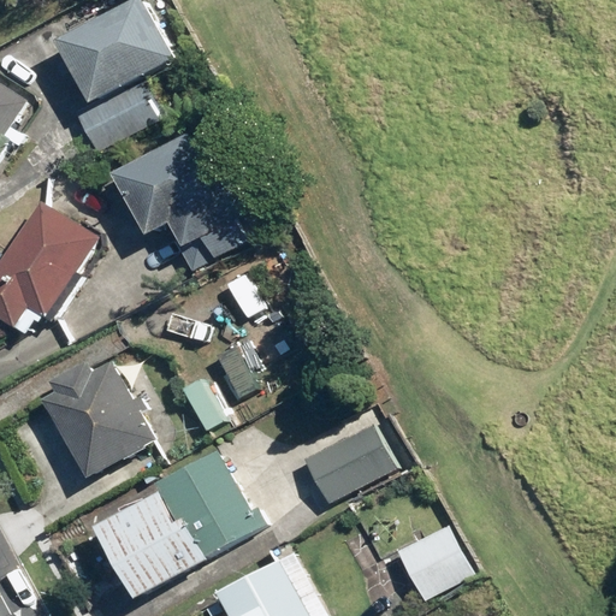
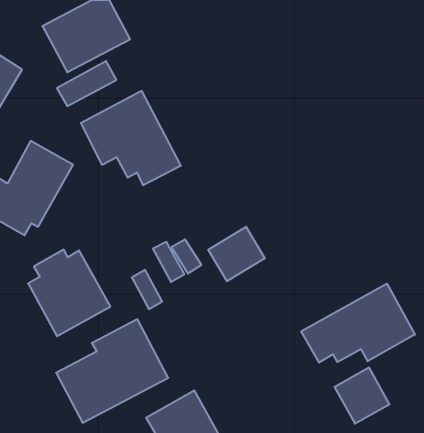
building: none -> [301,284,415,363]
building: [295,426,375,503] -> [208,227,265,281]
building: [389,531,467,610] -> [334,368,390,424]

